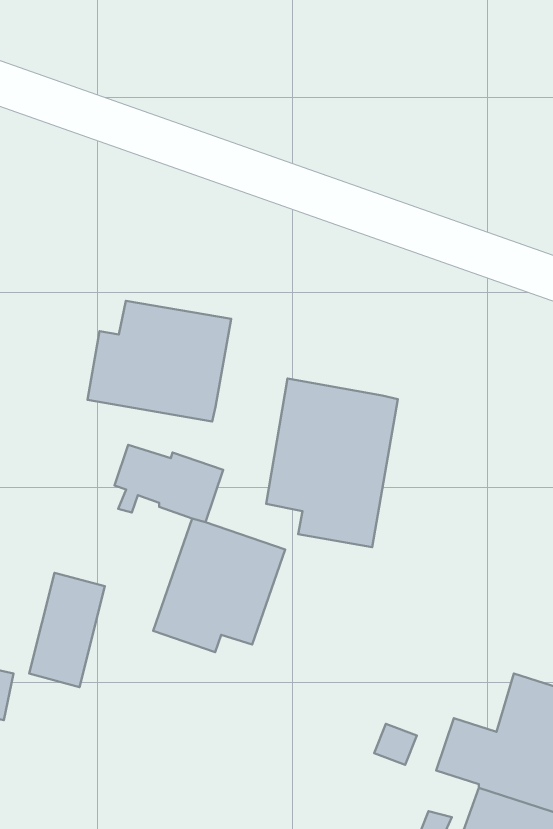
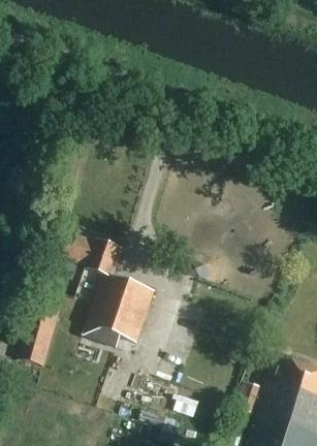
building: [88,301,231,421] -> none
building: [266,379,398,547] -> none

